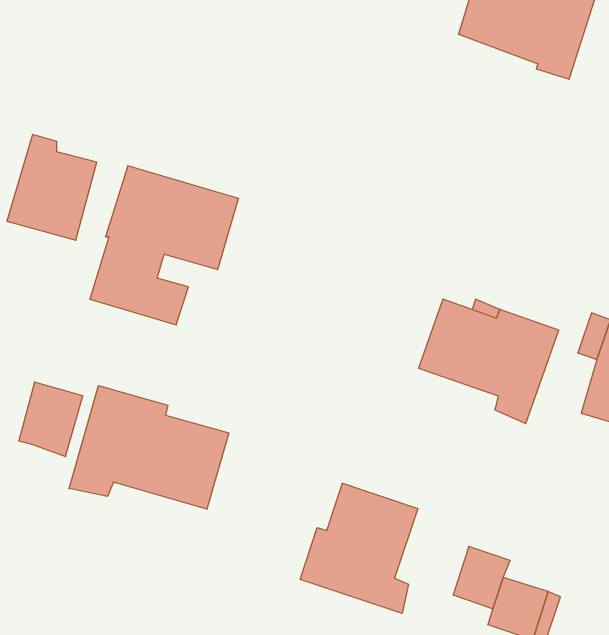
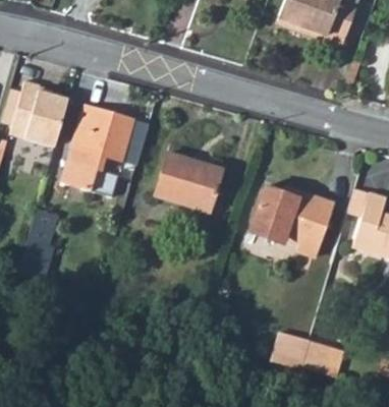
building: none -> [152,148,221,209]
building: [69,386,229,509] -> none
building: [300,483,418,613] -> none

